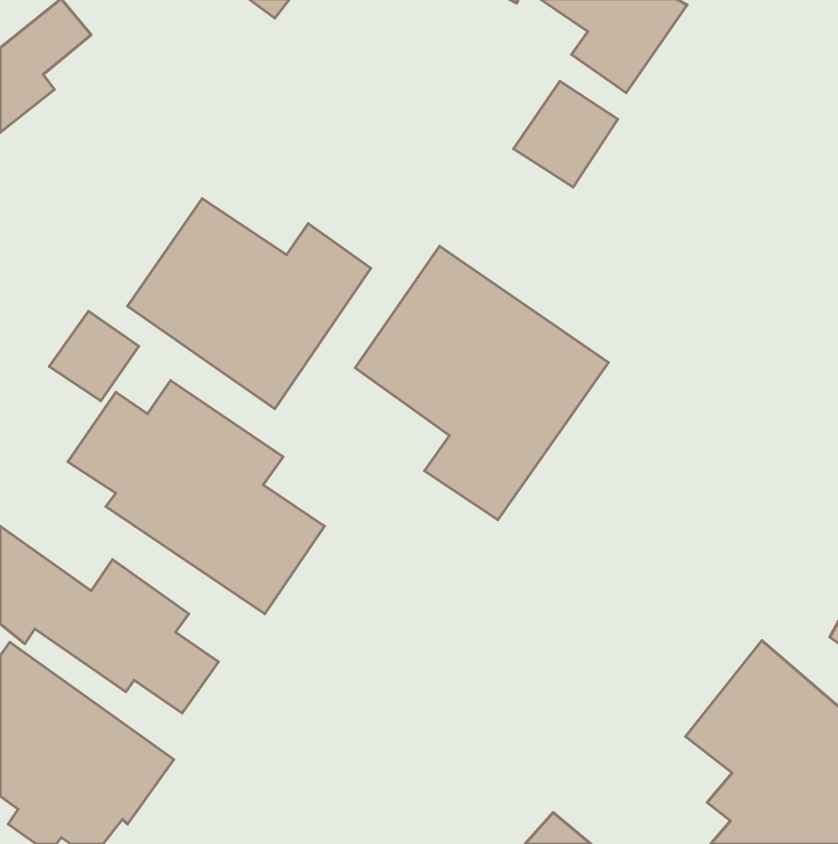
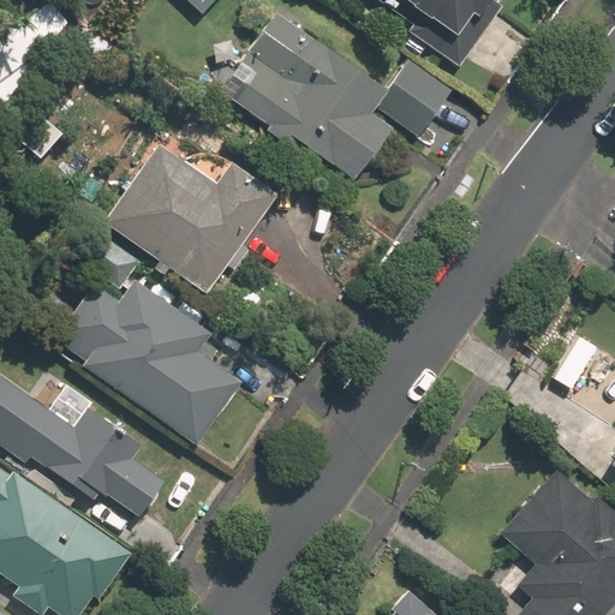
building: none -> [222,14,390,179]
building: [355,246,608,520] -> none
building: [49,311,139,401] -> none

